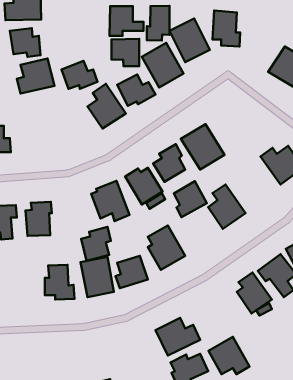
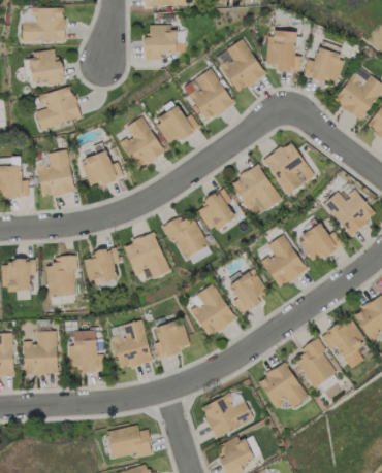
building: [147,6,169,41] -> none
building: none -> [303,48,345,85]
building: [111,39,139,66] -> none
building: [62,61,97,89] -> [81,151,123,184]
building: none -> [262,141,315,195]
building: none -> [36,149,74,197]
building: none -> [297,224,343,259]
building: [174,181,207,217] -> [230,270,269,312]
building: [81,227,111,261] -> [85,245,120,285]
building: none -> [24,331,58,373]
building: [208,337,249,374] -> [258,363,307,407]
building: none -> [107,425,152,458]

